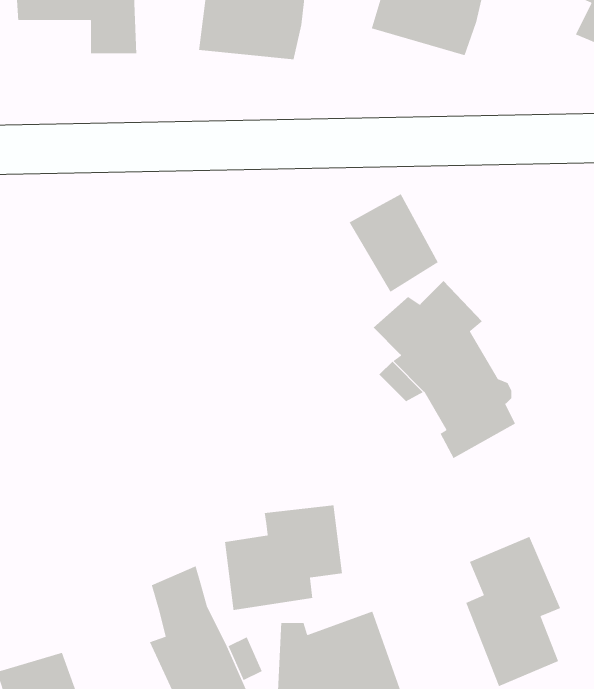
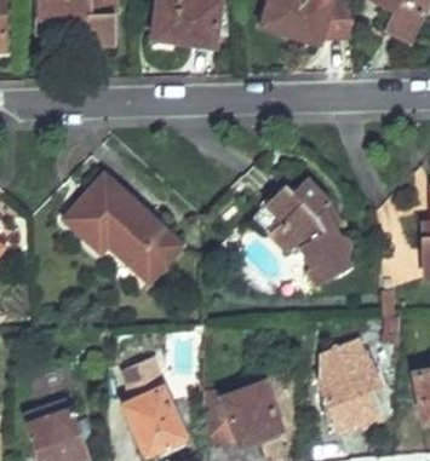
building: [349,193,439,293] -> none
building: none -> [64,174,179,278]
building: [224,505,343,611] -> none

